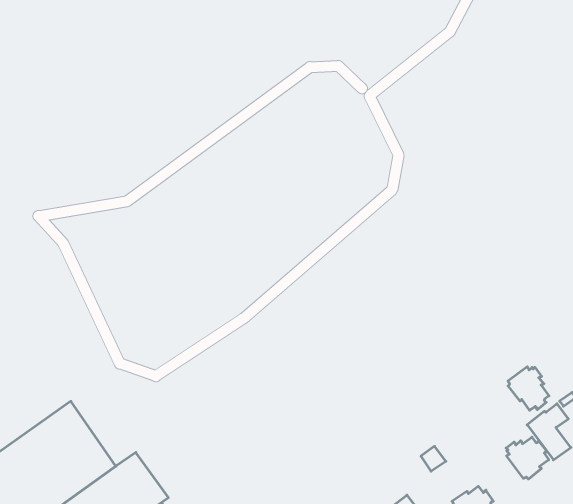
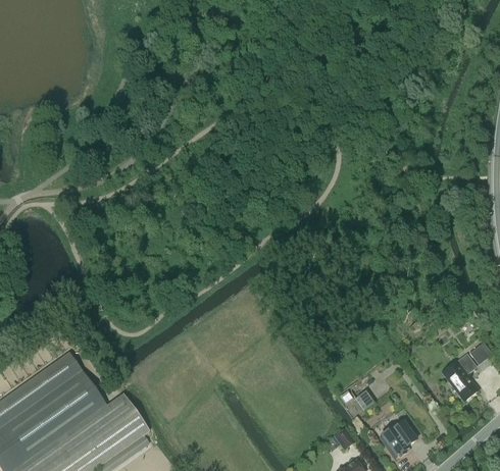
building: [508,367,549,410] -> none
building: [506,437,549,479] -> none

